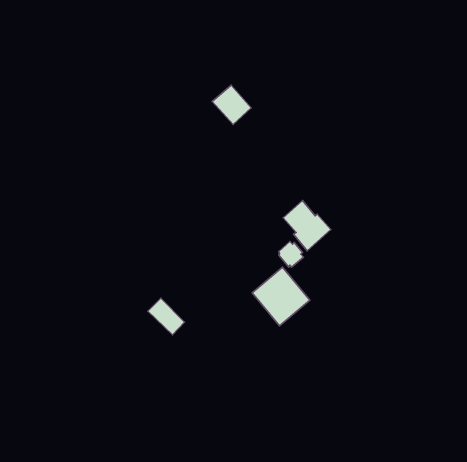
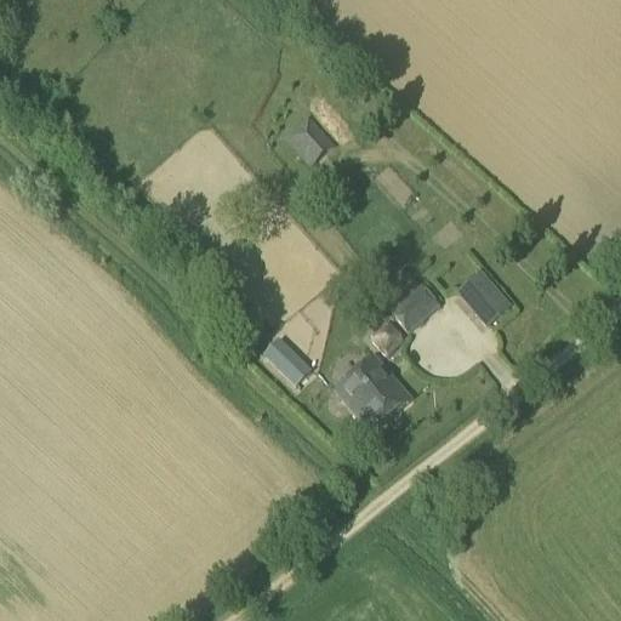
building: none -> [455,270,511,327]
building: [148,298,184,335] -> [262,336,310,384]

